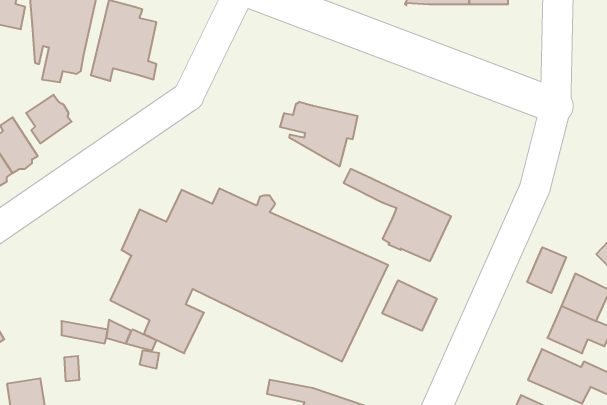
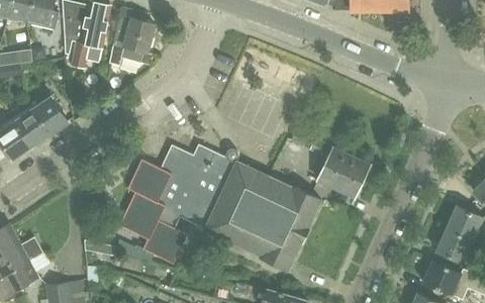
building: [26,95,72,143] -> none
building: [280,102,358,167] -> none
building: [527,247,566,293] -> none
building: [382,280,437,331] -> none

